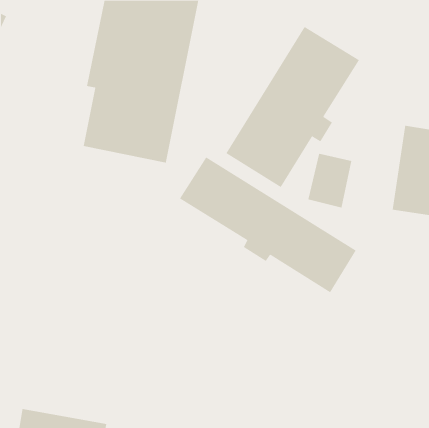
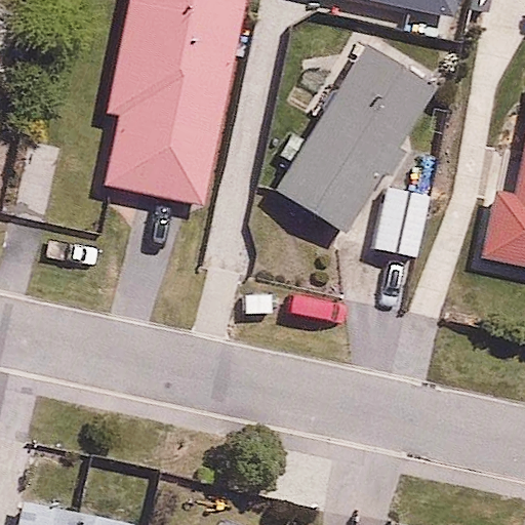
building: [179,157,357,293] -> none

